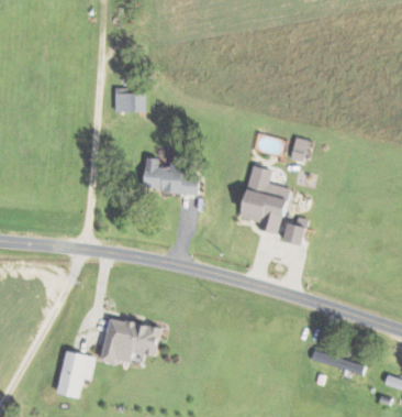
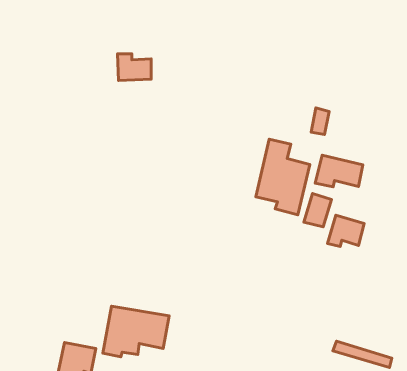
building: [143,156,198,194] -> none
building: none -> [315,155,363,187]
building: none -> [327,215,364,247]

